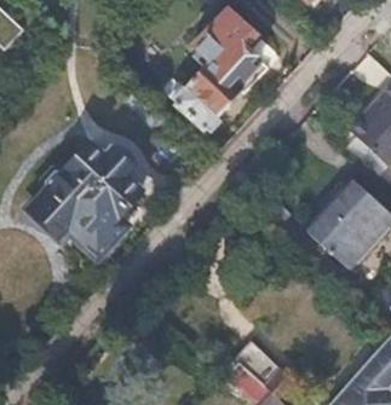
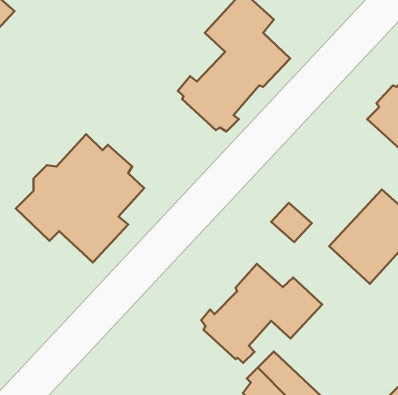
building: none -> [201,264,322,363]

